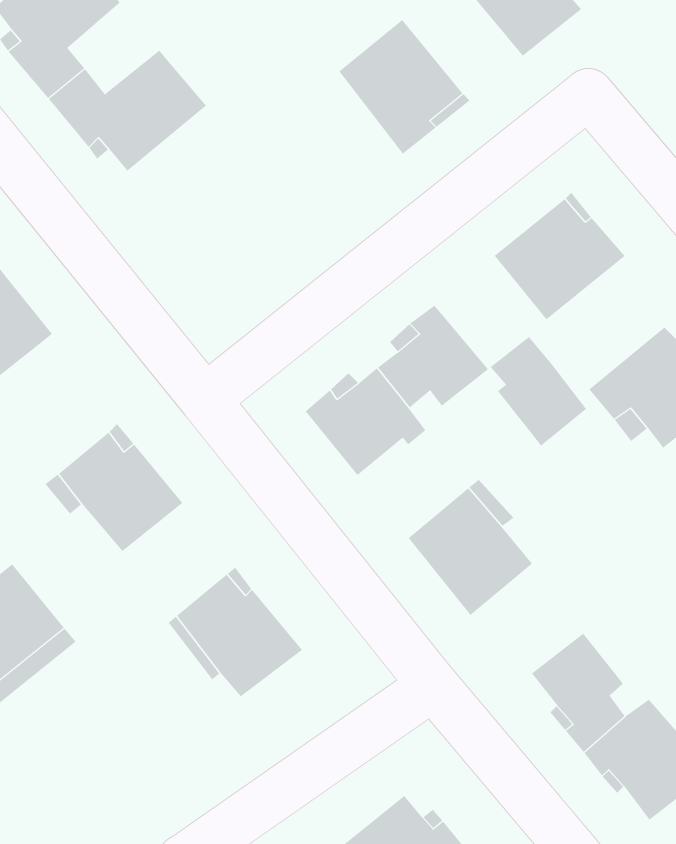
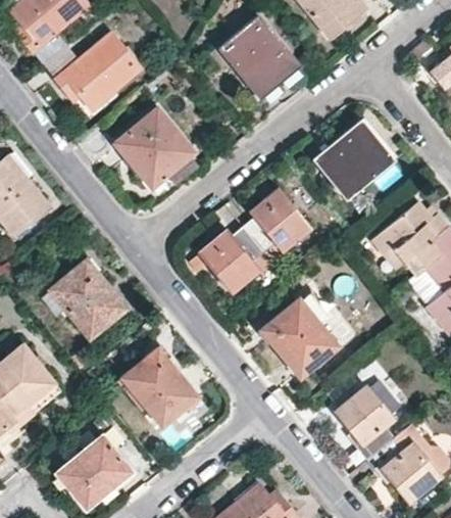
building: none -> [115,108,193,186]
building: [490,336,587,447] -> none
building: none -> [56,434,132,507]

